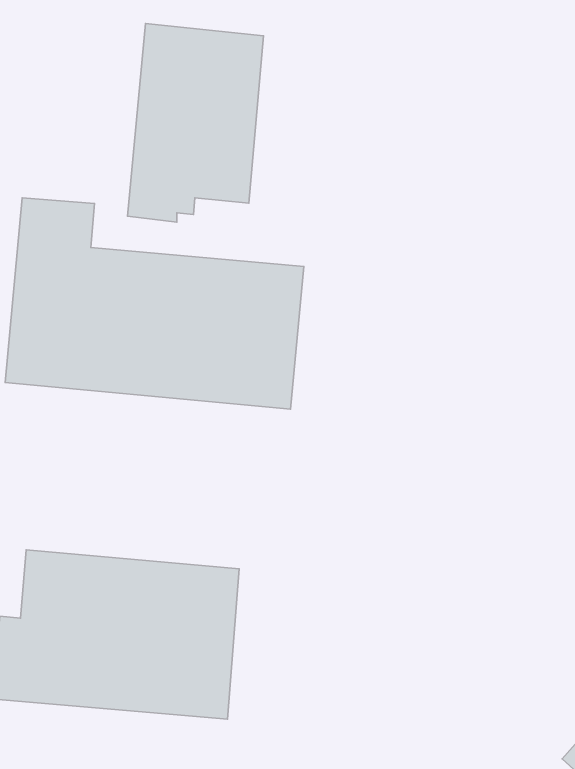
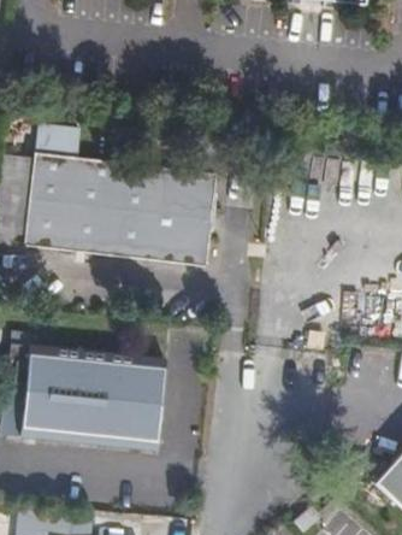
building: [128,24,264,222] -> none

